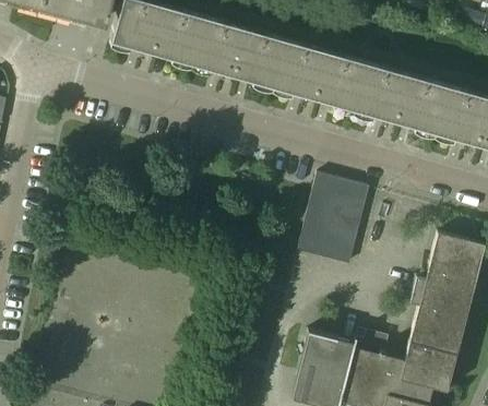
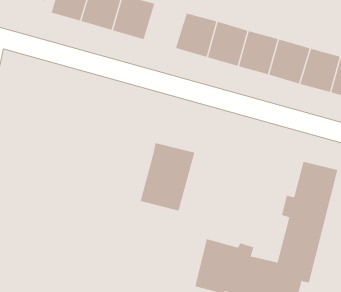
building: [230,28,285,86] -> none
building: [297,176,369,265] -> [140,142,195,211]

